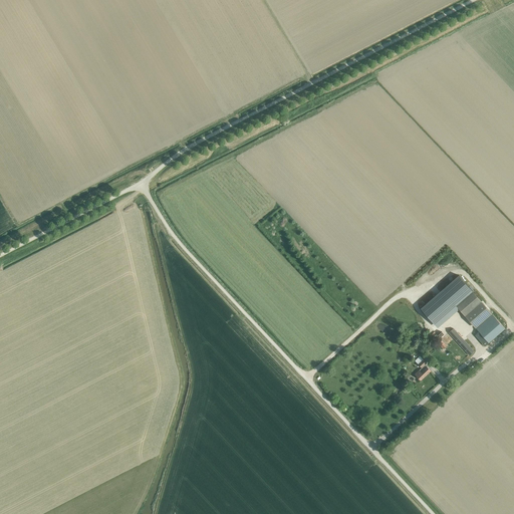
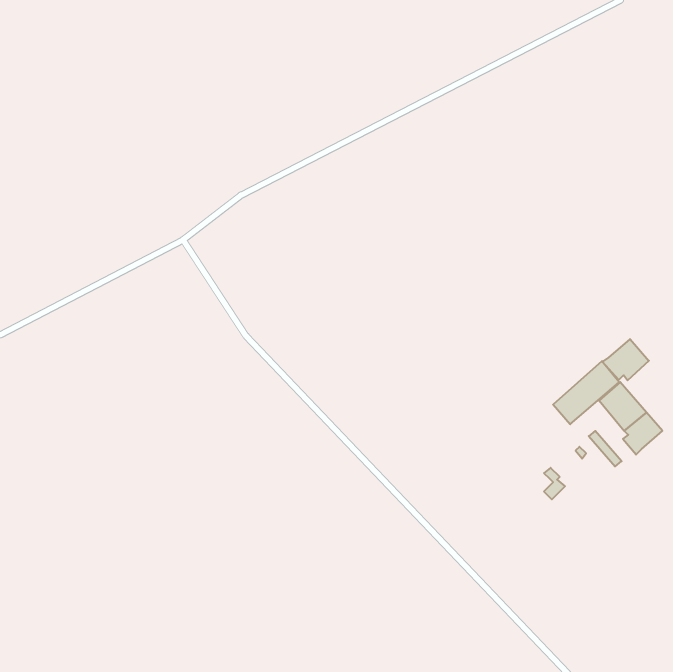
building: none -> [603,339,649,380]

